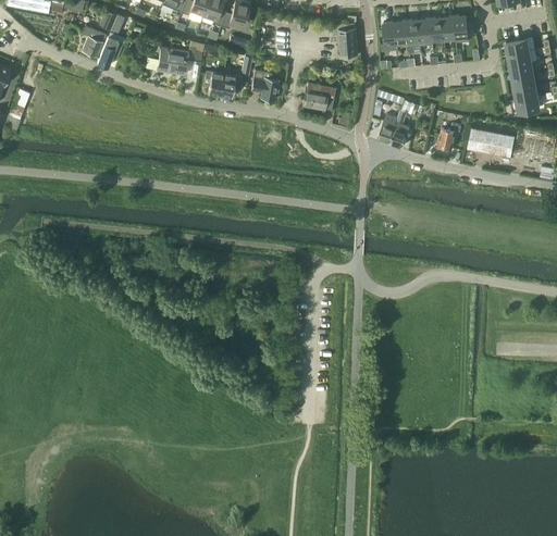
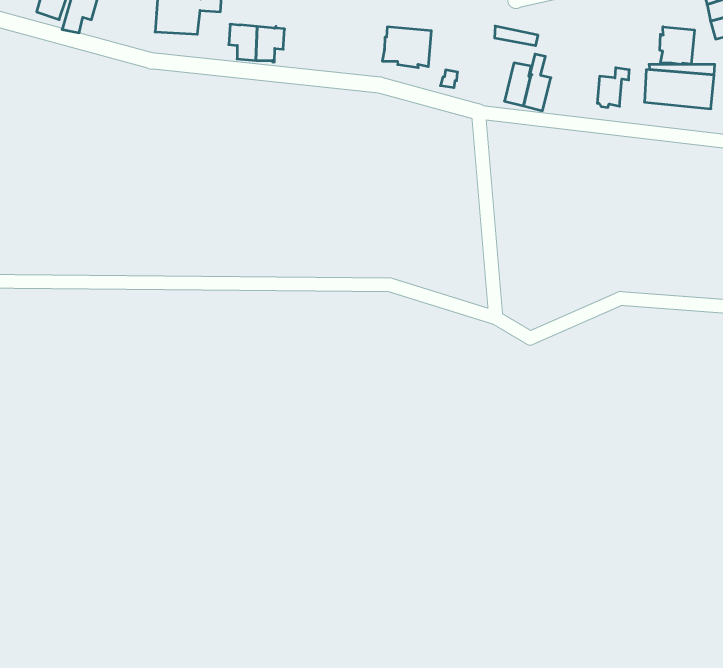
building: [250,68,278,101] -> none
building: none -> [660,27,694,64]

